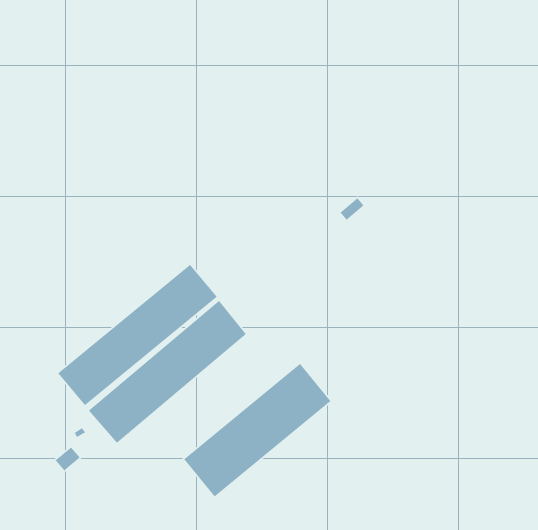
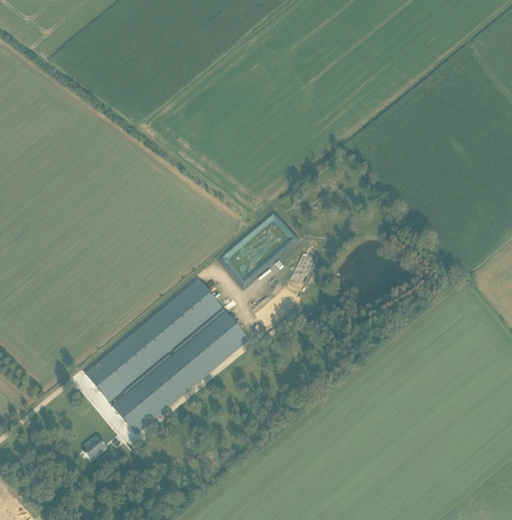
building: [183,363,332,497] -> none

